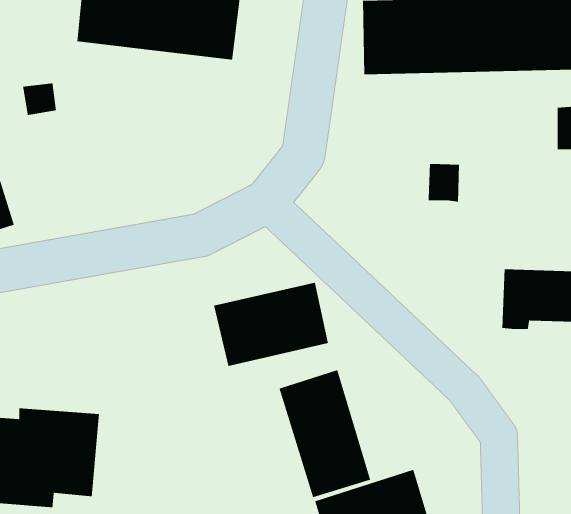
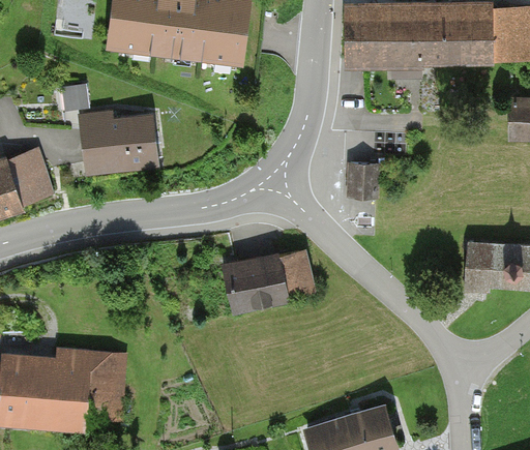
building: none -> [79,110,155,170]
building: [428,163,460,202] -> [348,161,375,194]
building: [279,369,371,498] -> none

